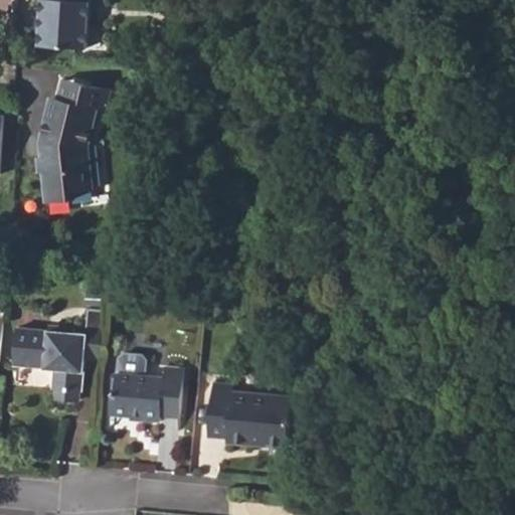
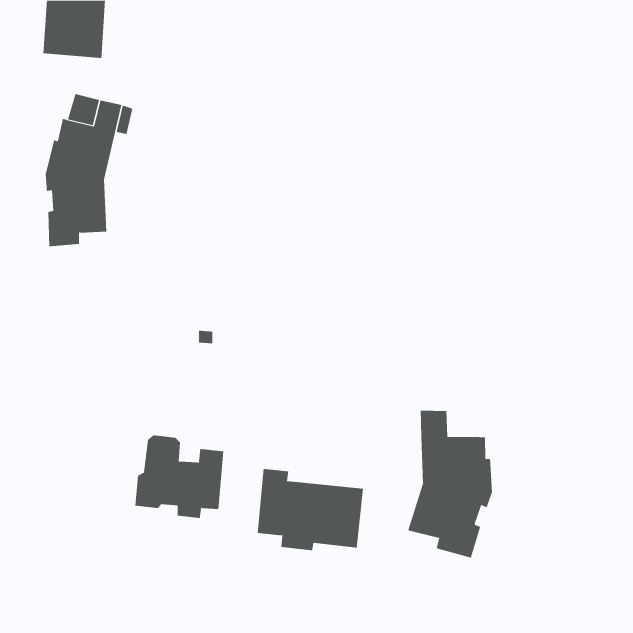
building: [11,314,102,405] -> none
building: none -> [407,410,492,558]

